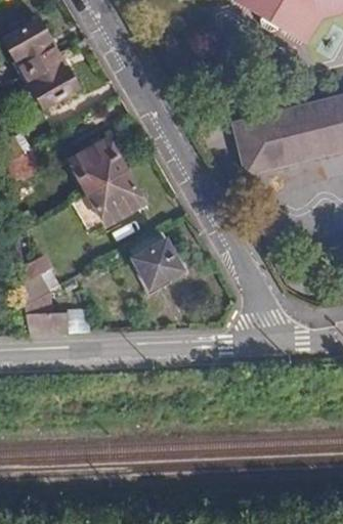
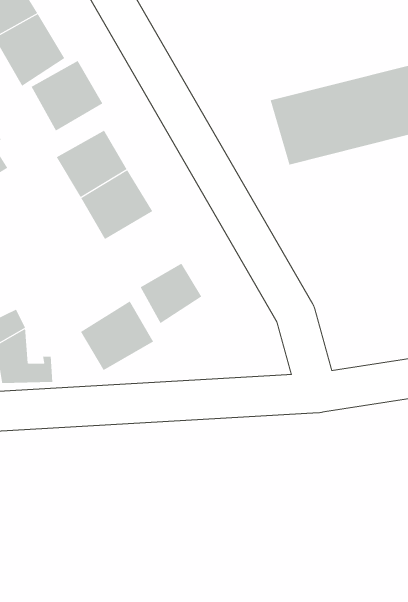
building: none -> [31,60,103,132]
building: none -> [80,300,154,371]

